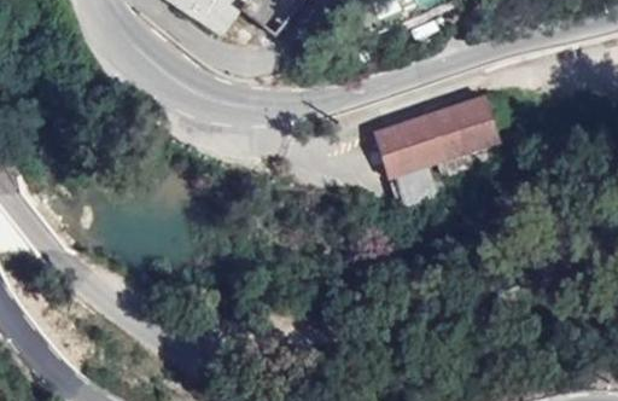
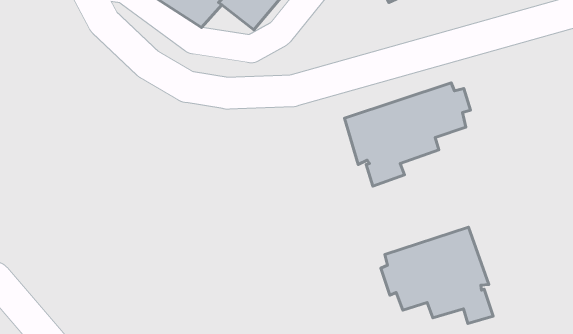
building: none -> [381,227,493,323]

